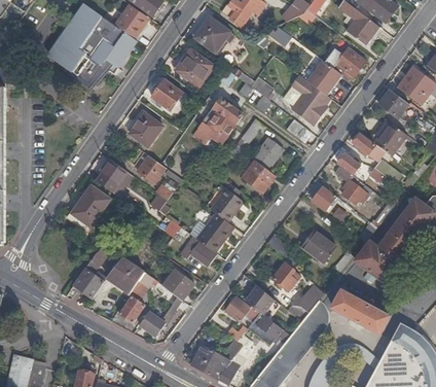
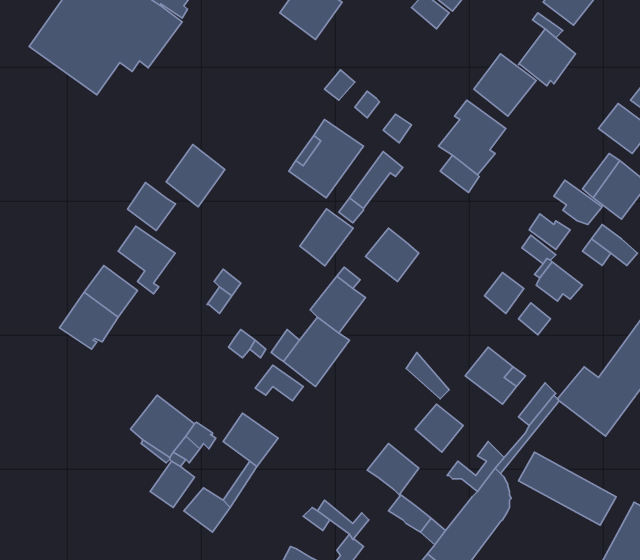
building: [176,49,214,86] -> none
building: [151,80,183,111] -> none
building: [253,137,284,170] -> [300,209,353,266]
building: [138,155,166,183] -> [128,182,176,231]
building: [71,243,111,298] -> none
building: [225,294,260,322] -> none

